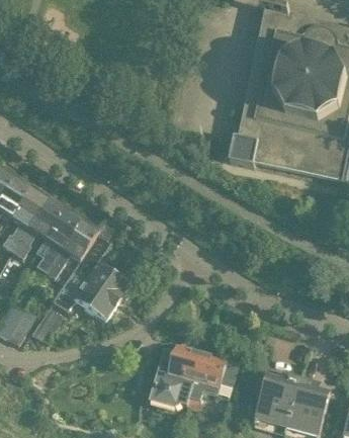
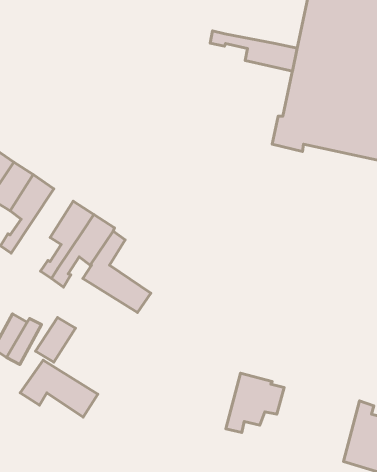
building: none -> [210,31,297,71]
building: [10,198,62,258] -> none
building: [51,273,115,321] -> [20,360,98,417]
building: [151,345,201,409] -> none
building: [256,372,300,426] -> none

